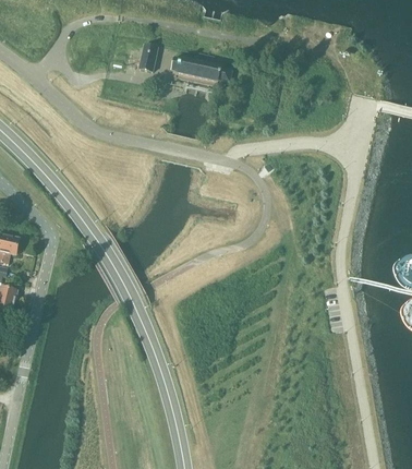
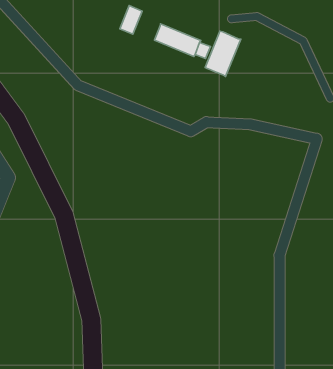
building: none -> [205,31,241,76]

